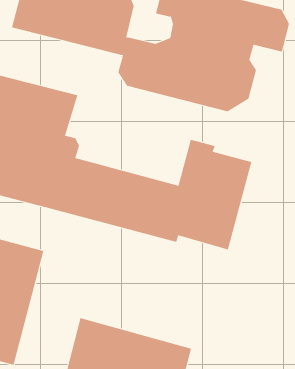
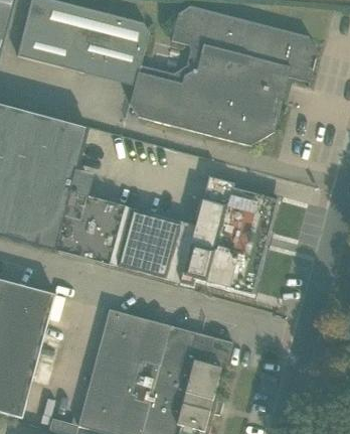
building: none -> [92,309,232,400]

